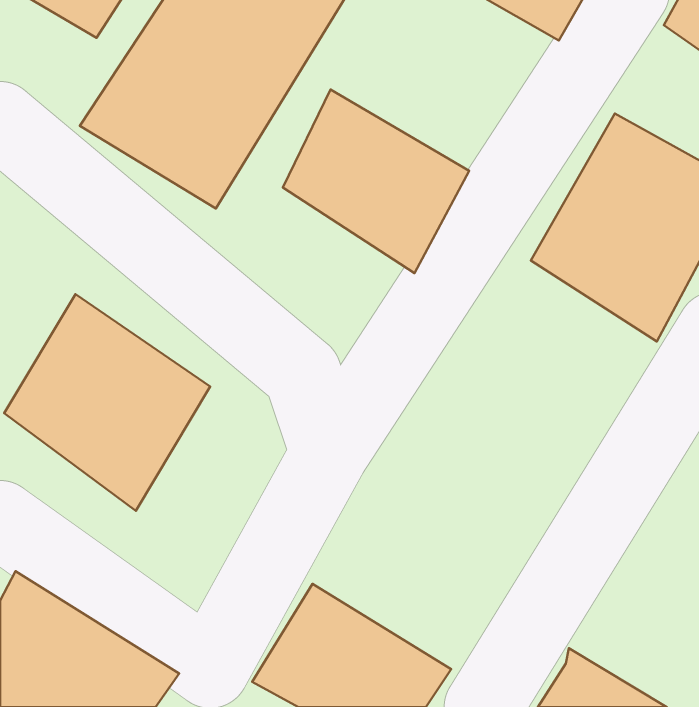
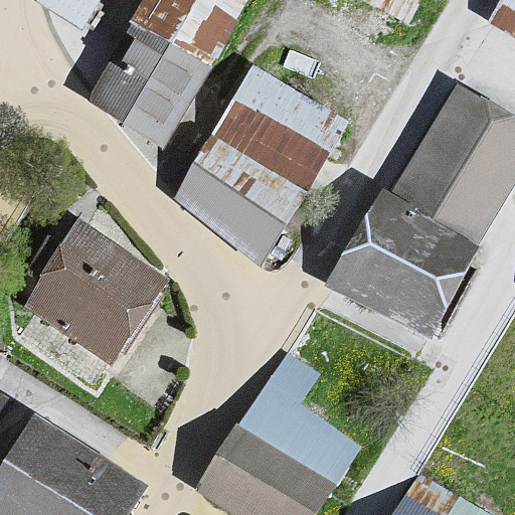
building: none -> [178,135,310,265]
building: none -> [330,187,478,339]
building: none -> [236,348,357,481]

